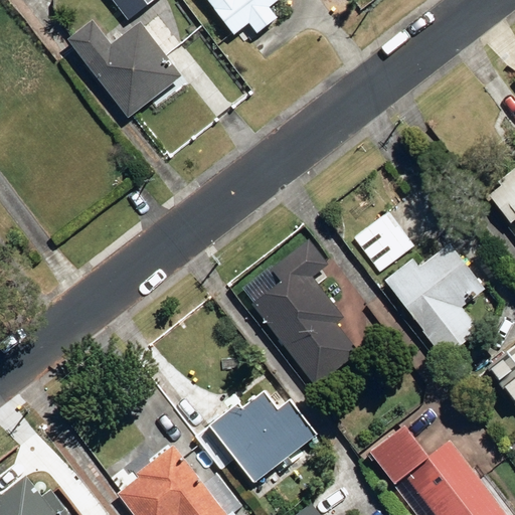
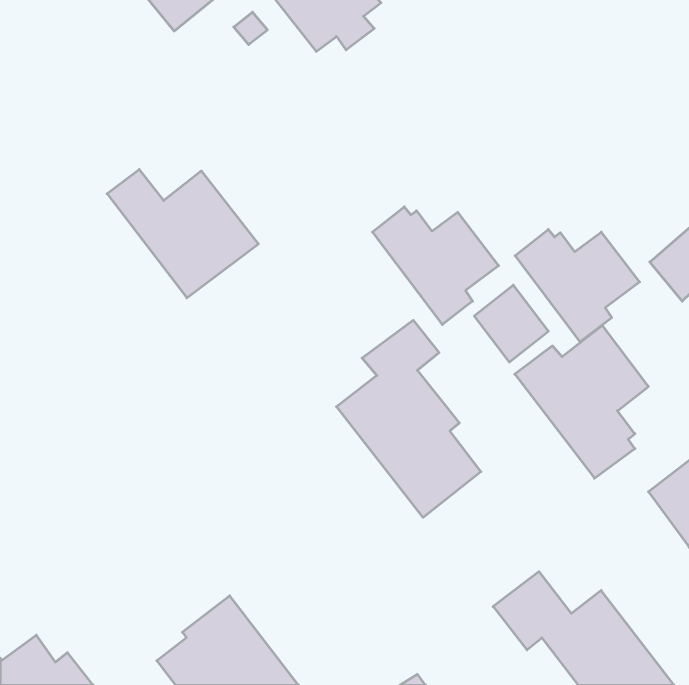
building: [71,26,184,122] -> [107,169,258,298]
building: none -> [372,207,499,325]
building: none -> [515,229,640,342]
building: [207,393,315,484] -> none

